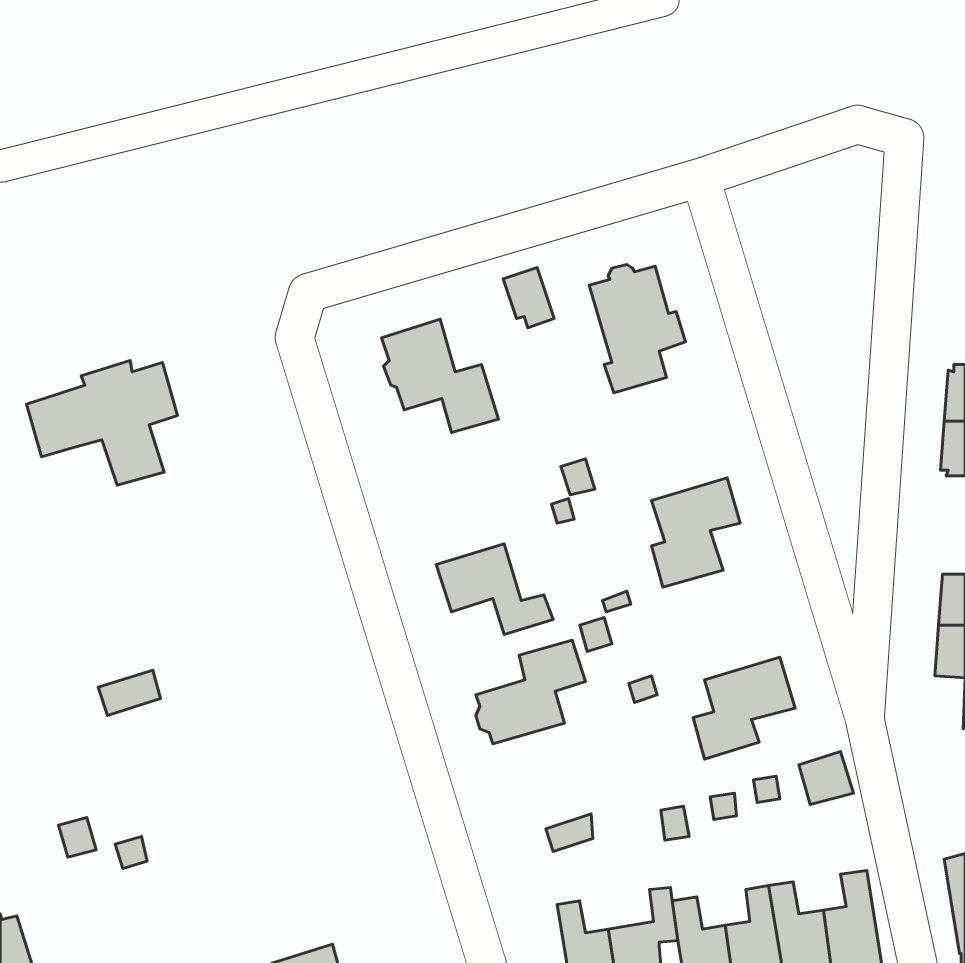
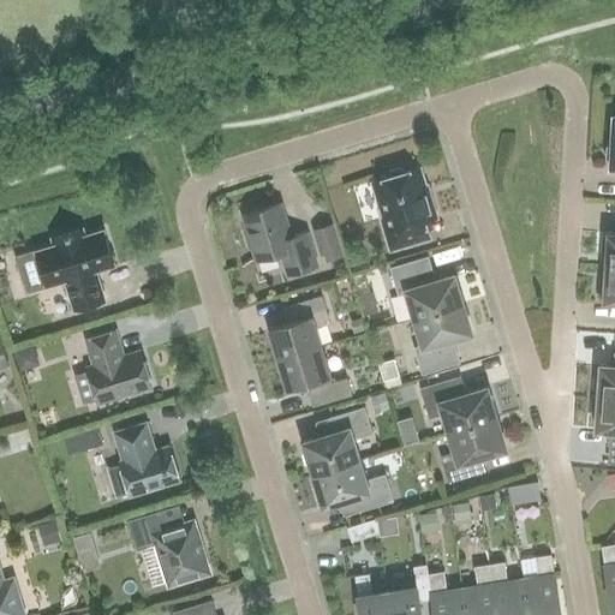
building: [503,267,554,328] -> [311,223,344,262]
building: none -> [390,257,462,320]
building: none -> [269,297,330,360]
building: none -> [85,330,151,405]
building: none -> [419,378,496,434]
building: none -> [114,423,180,497]
building: none -> [312,461,393,513]
building: none -> [127,512,209,586]

